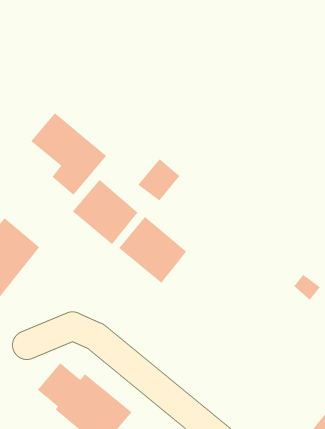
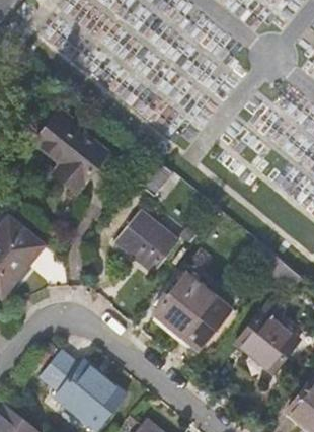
building: [72,179,139,245] -> none
building: none -> [152,275,229,352]
building: none -> [235,301,296,373]

